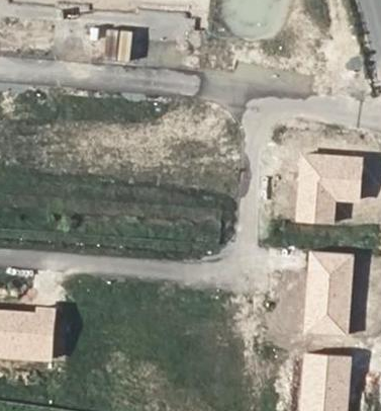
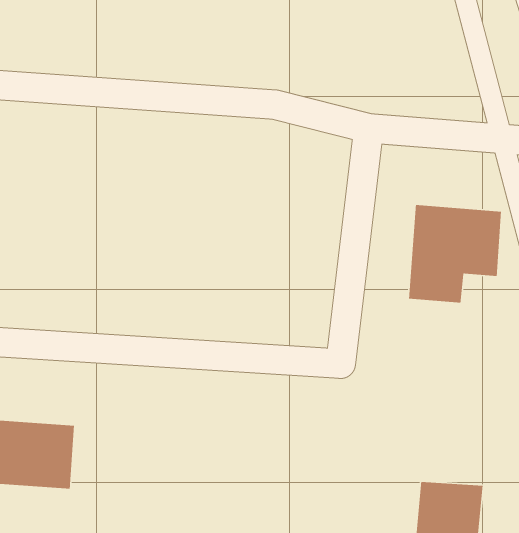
building: [303,251,354,333] -> none

